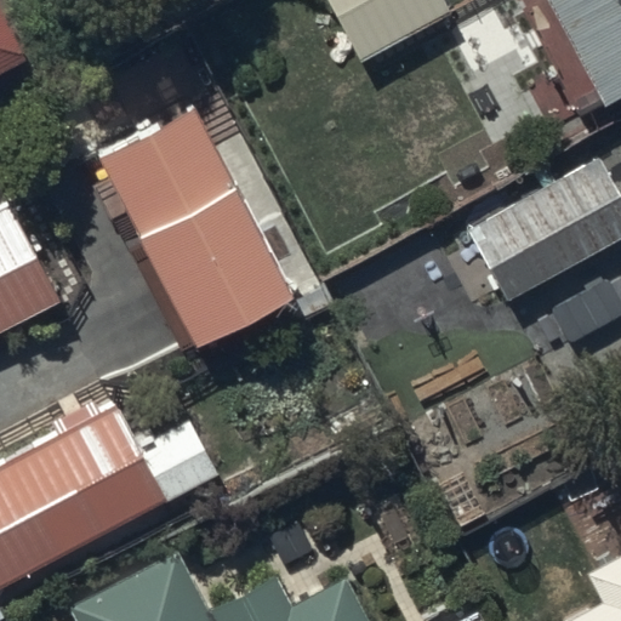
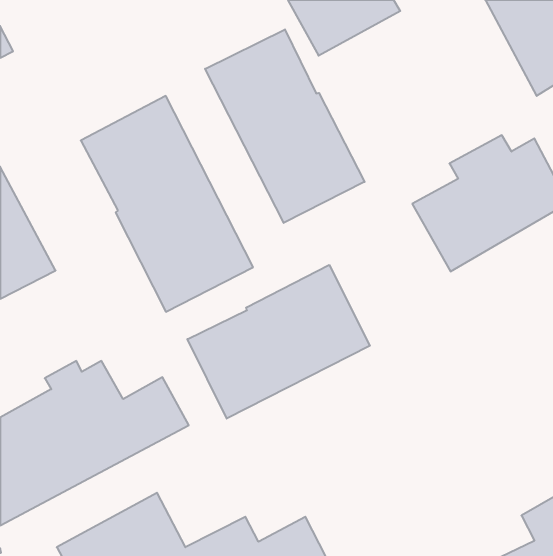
building: none -> [205,29,365,223]
building: none -> [187,265,370,419]

